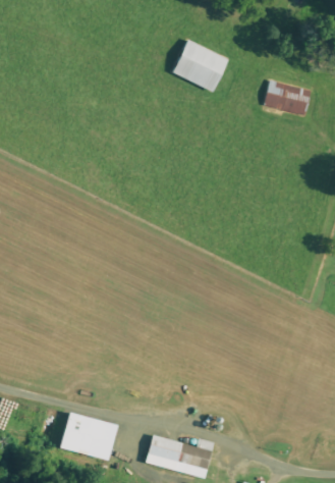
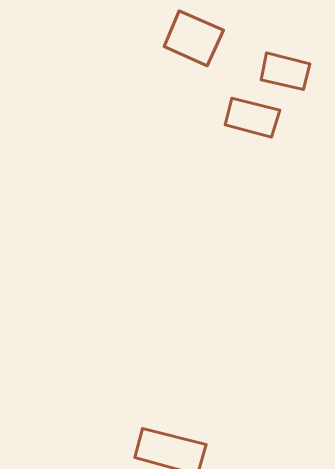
building: none -> [225,98,280,137]
building: [60,412,117,460] -> none

